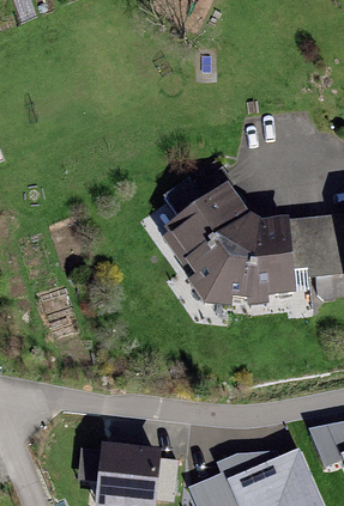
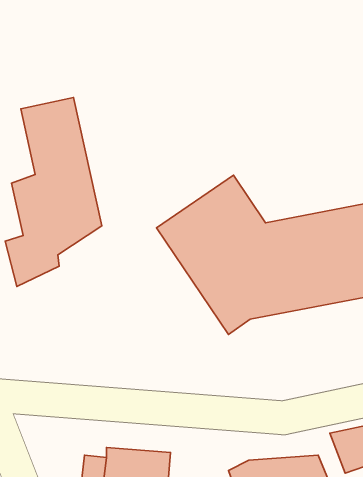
building: none -> [5,98,102,287]

